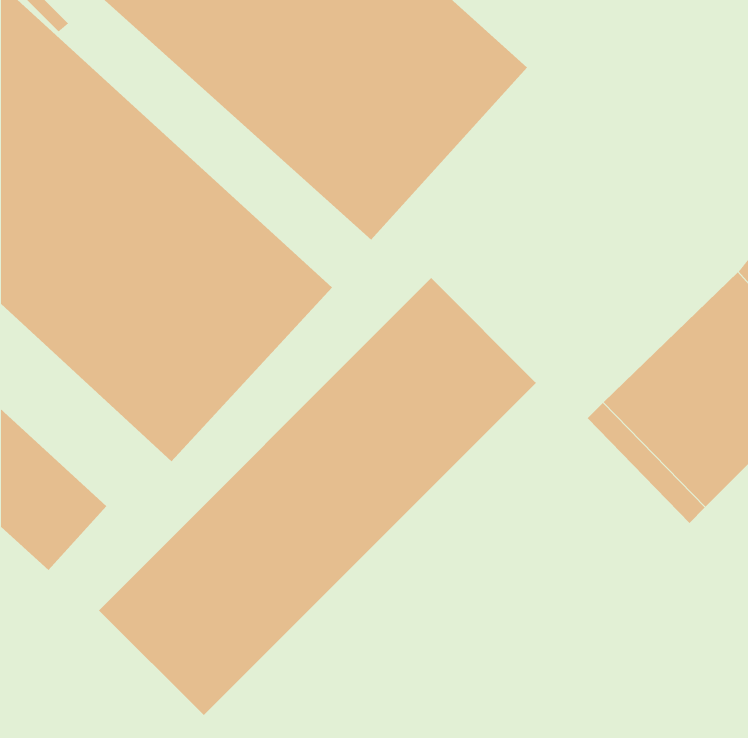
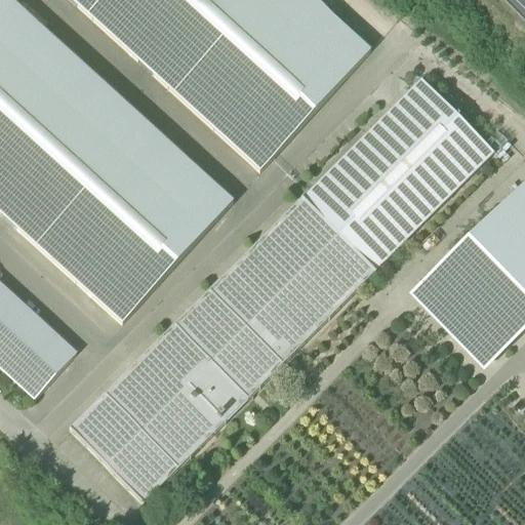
building: none -> [304,76,494,267]

